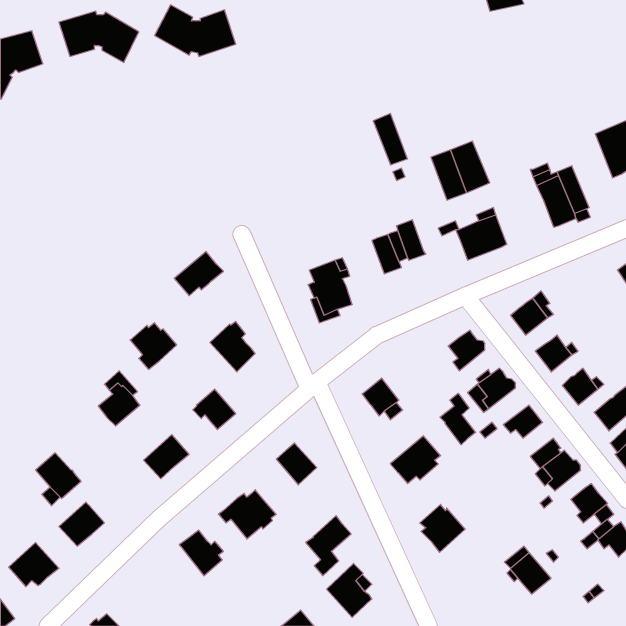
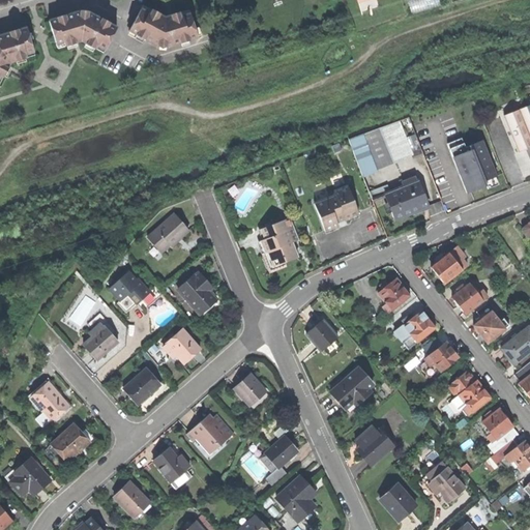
building: [373,113,408,165] -> [350,132,379,176]
building: [440,393,476,445] -> none
building: none -> [113,481,149,517]
building: none -> [381,484,416,520]

